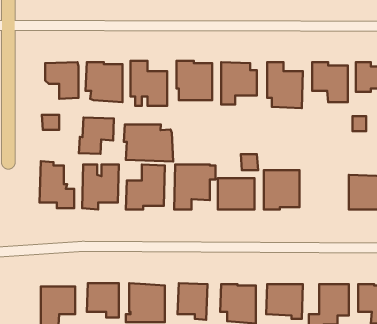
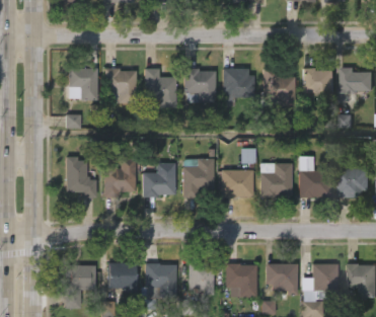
building: [79,117,114,154] -> none
building: [124,125,173,161] -> none
building: none -> [301,162,333,200]

